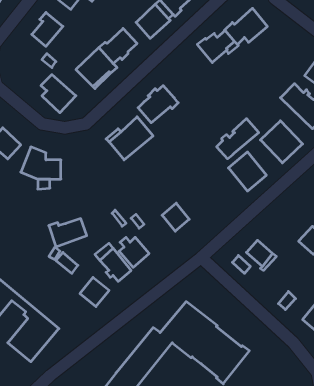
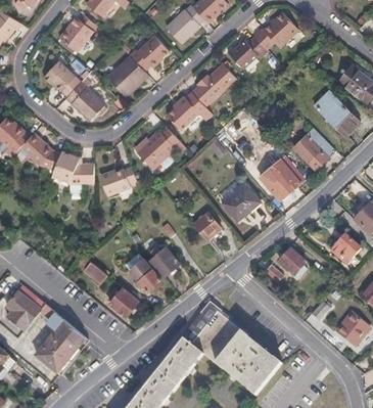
building: none -> [40,58,80,94]
building: [217,119,259,159] -> [193,62,236,103]
building: none -> [222,182,260,220]
building: [49,219,87,247] -> [100,166,139,194]

